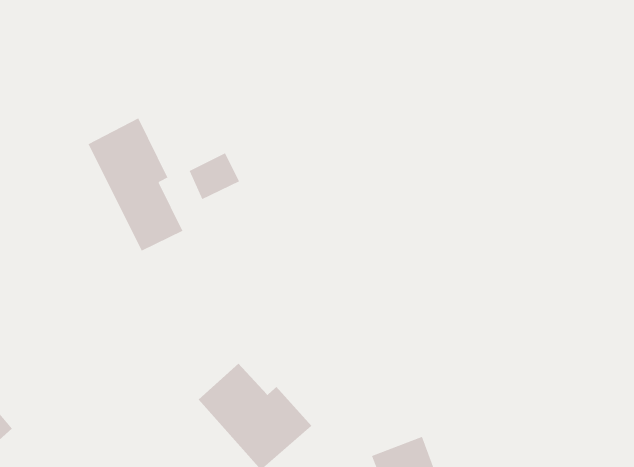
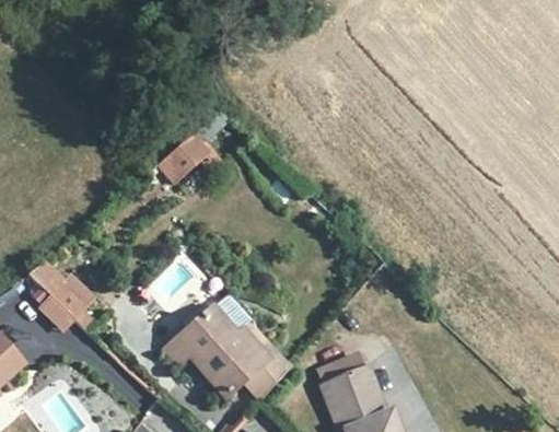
building: [88,118,183,251] -> none
building: none -> [20,255,96,329]

